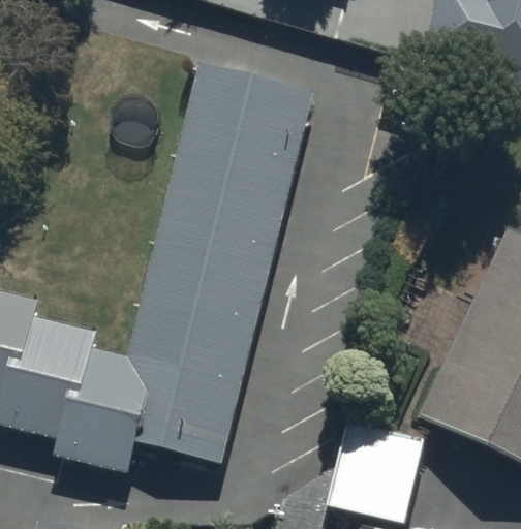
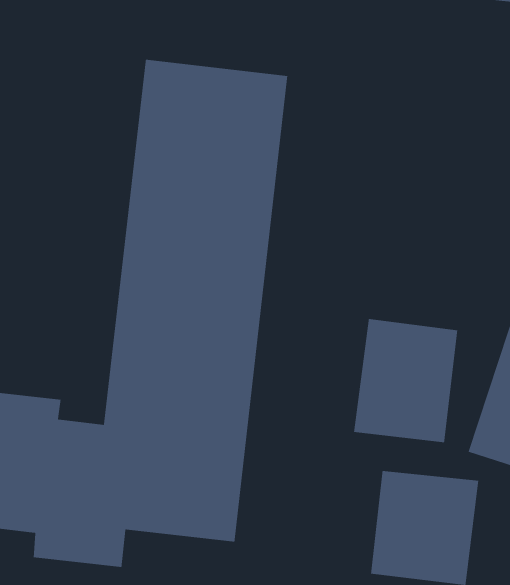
building: none -> [353,318,458,443]

